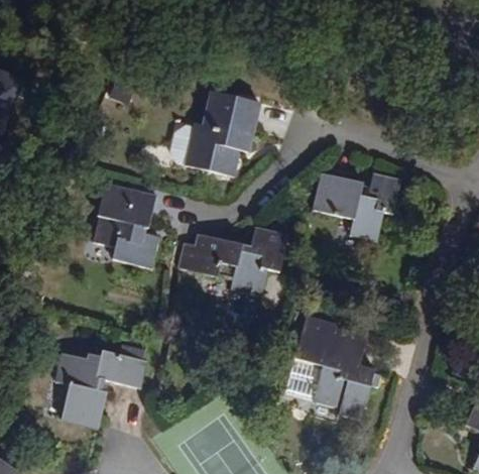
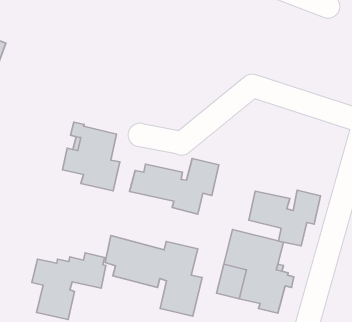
building: [167,92,260,176] -> none
building: [311,172,400,242] -> [249,190,321,246]
building: none -> [105,236,202,316]

